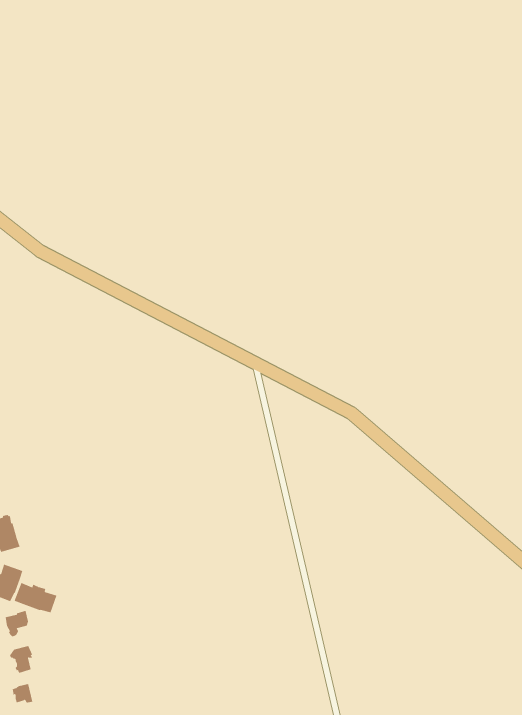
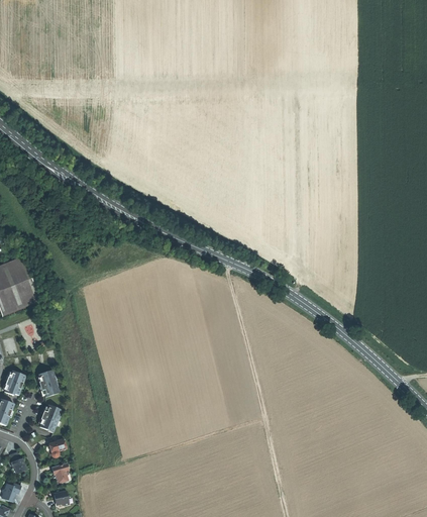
building: [14,582,57,613] -> none

